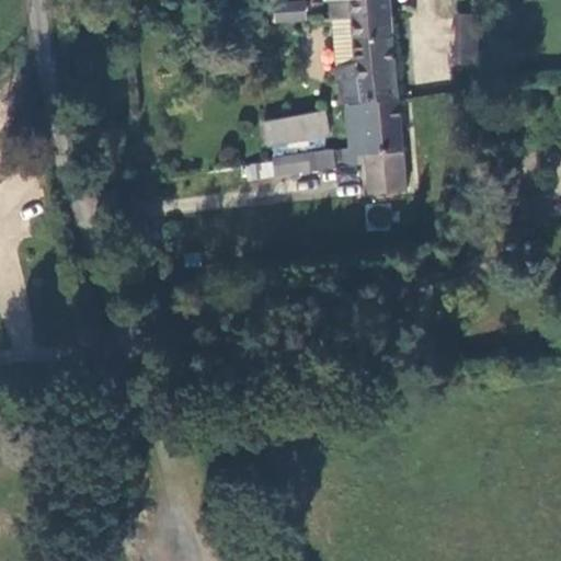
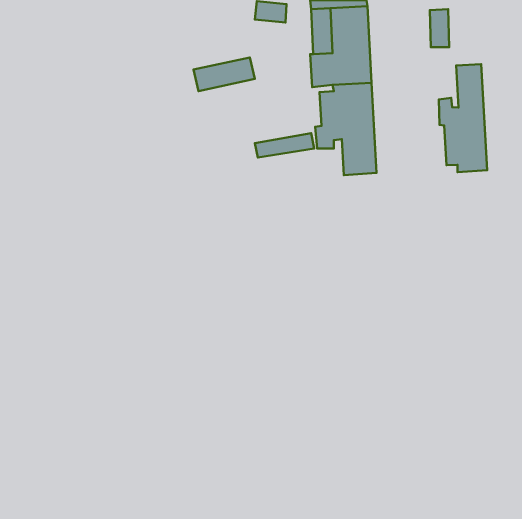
building: none -> [439,64,487,172]
building: [261,108,327,145] -> [193,57,255,91]

